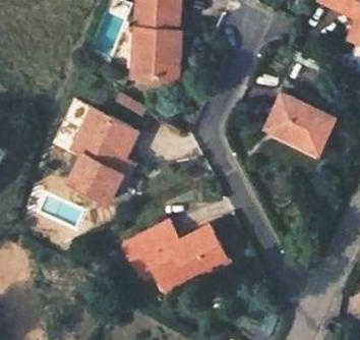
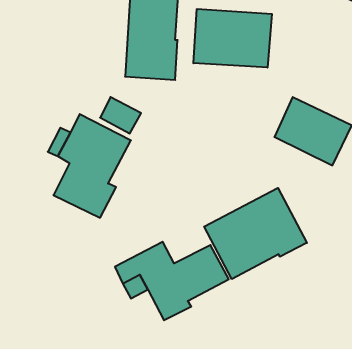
building: none -> [193,9,272,68]
building: none -> [204,188,307,279]

